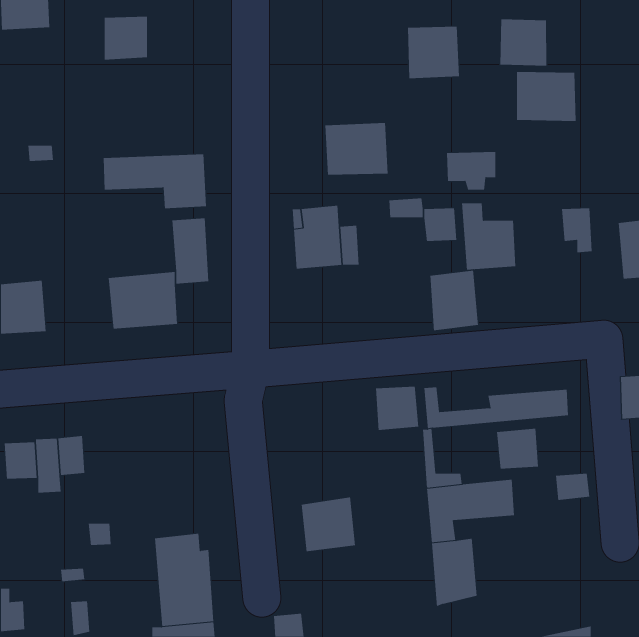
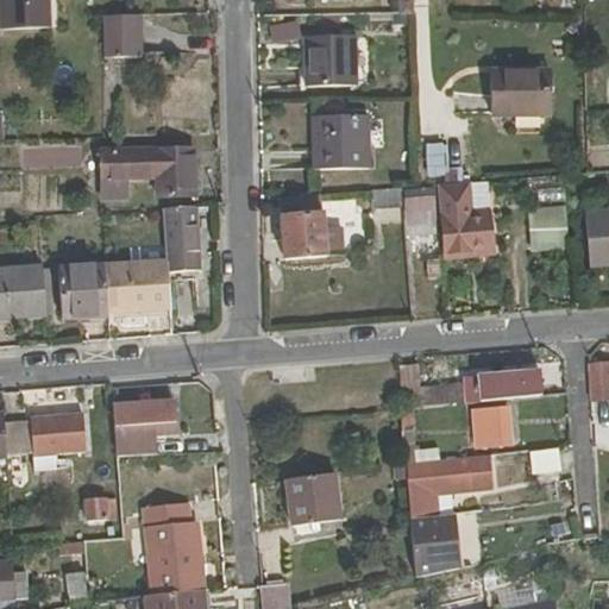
building: [500,19,547,67] -> none
building: [407,26,460,79] -> [306,36,356,86]
building: [430,270,479,331] -> none
building: none -> [59,264,108,319]
building: [376,386,419,431] -> none
building: none -> [112,401,176,454]

